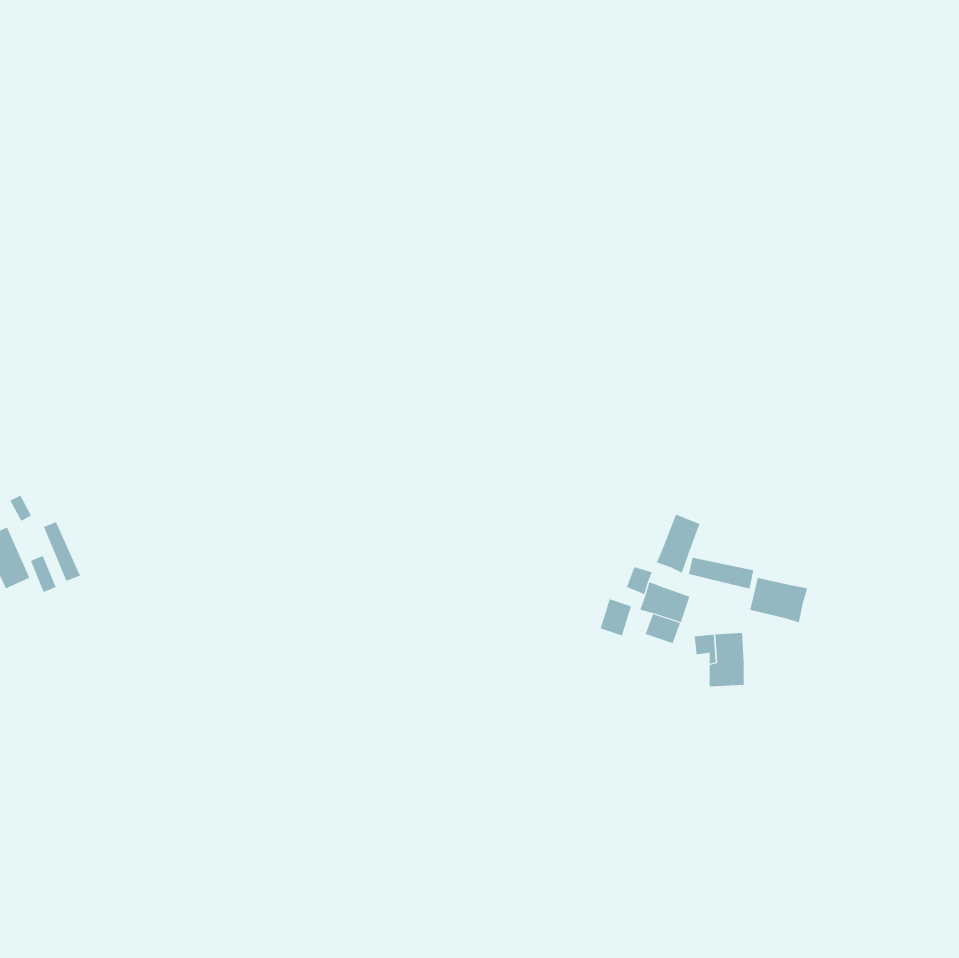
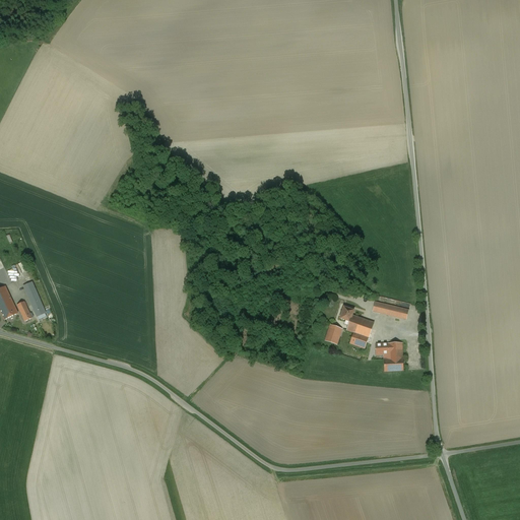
building: [656,513,700,573] -> none
building: [749,577,808,623] -> none

